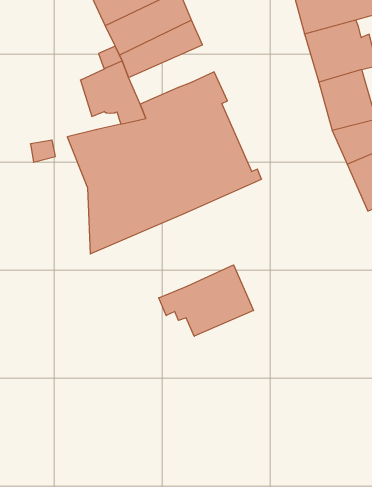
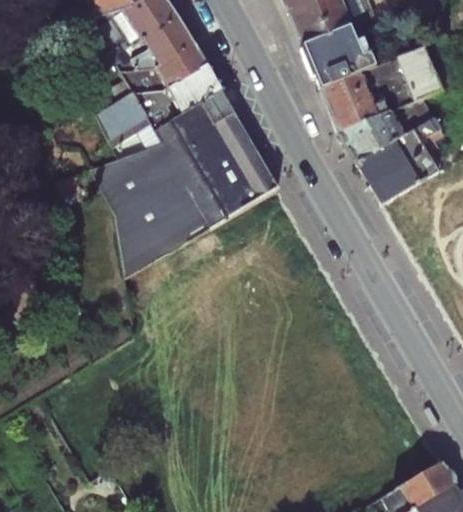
building: none -> [142,64,222,127]
building: [159,265,253,336] -> none

